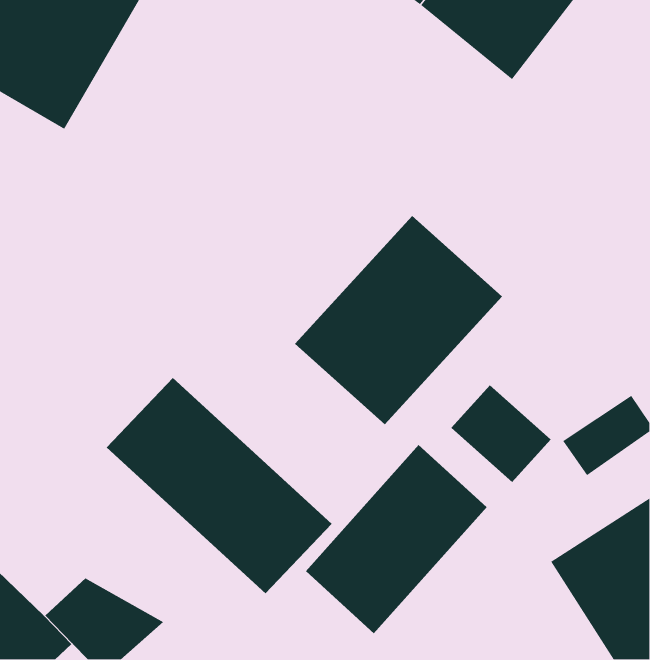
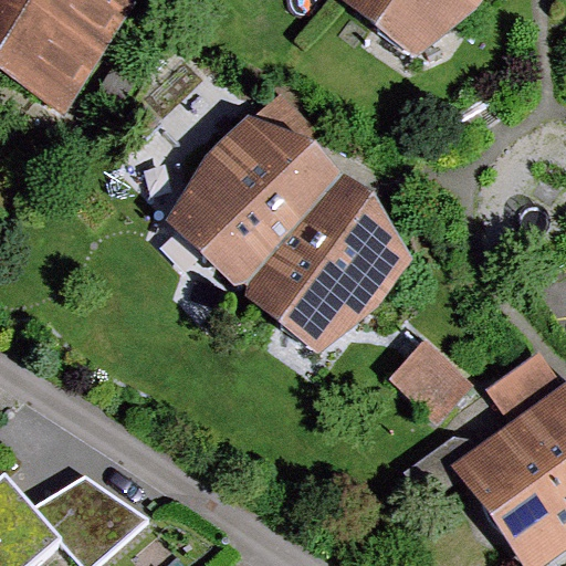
building: none -> [165,107,347,290]
building: [106,377,333,594] -> none
building: [305,444,487,634] -> none

